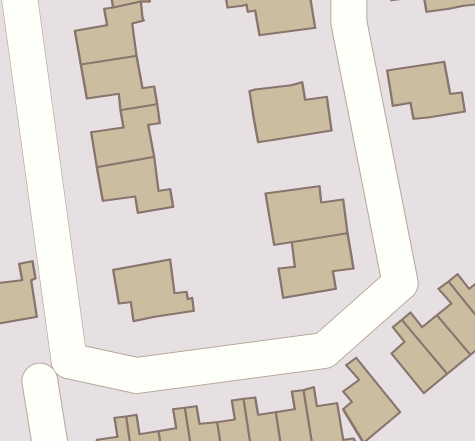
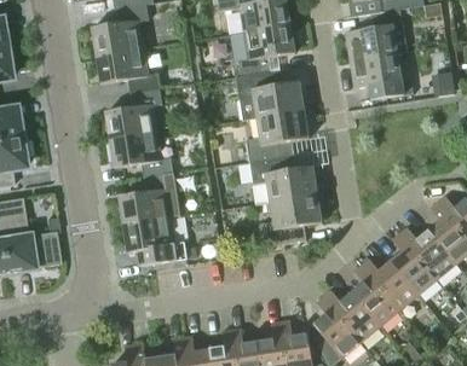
building: none -> [346,8,407,59]
building: none -> [229,24,295,75]
building: none -> [247,109,309,161]
building: none -> [120,172,180,223]
building: none -> [324,290,380,341]

